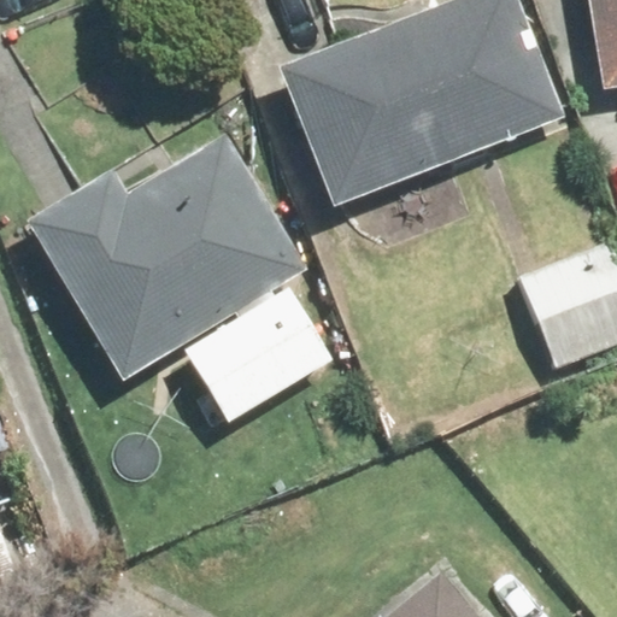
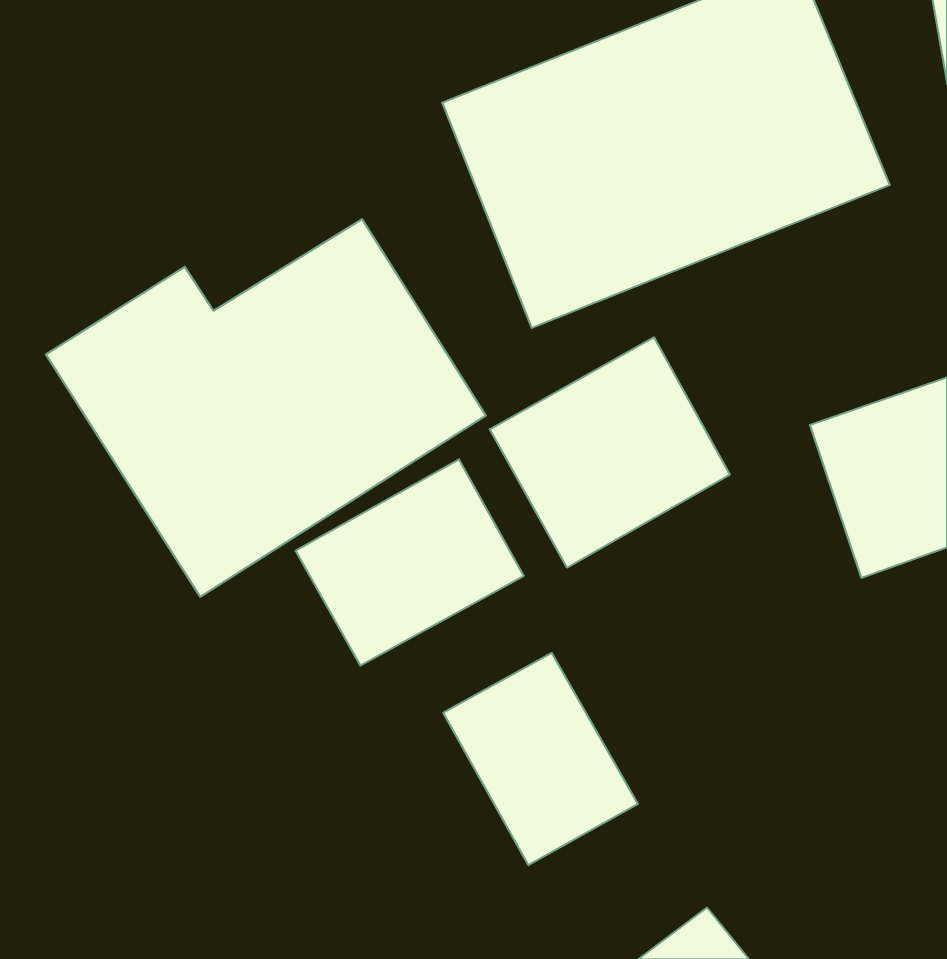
building: none -> [490,337,730,568]
building: none -> [443,653,638,865]

